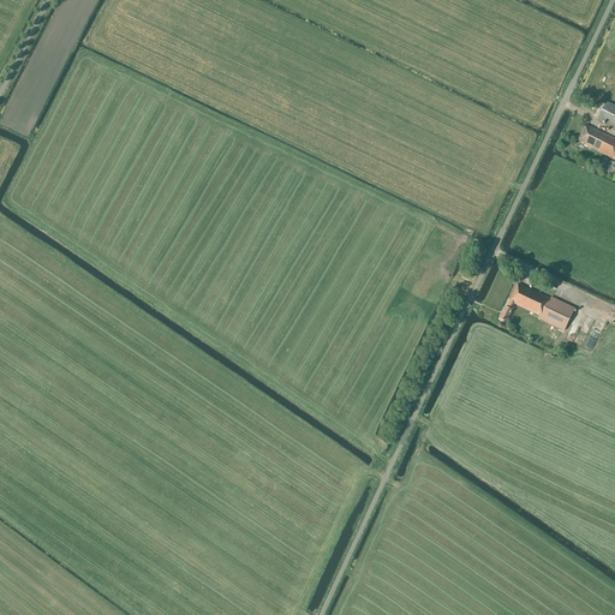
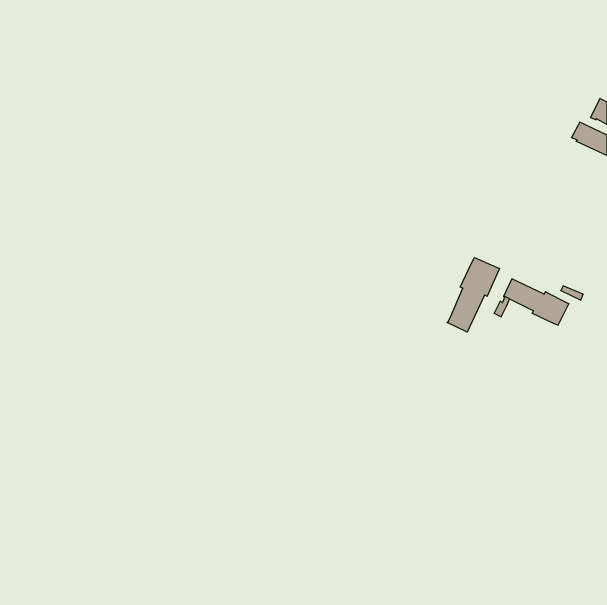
building: none -> [447,258,499,332]

